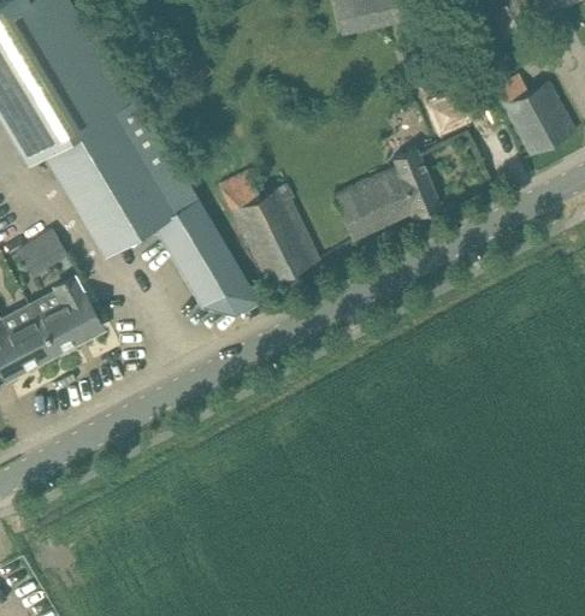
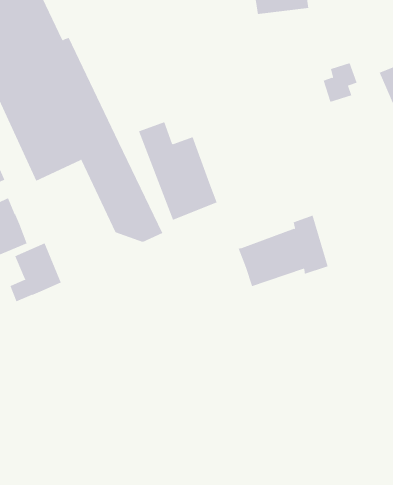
building: [332,148,441,239] -> [238,215,328,287]
building: none -> [9,243,62,302]

